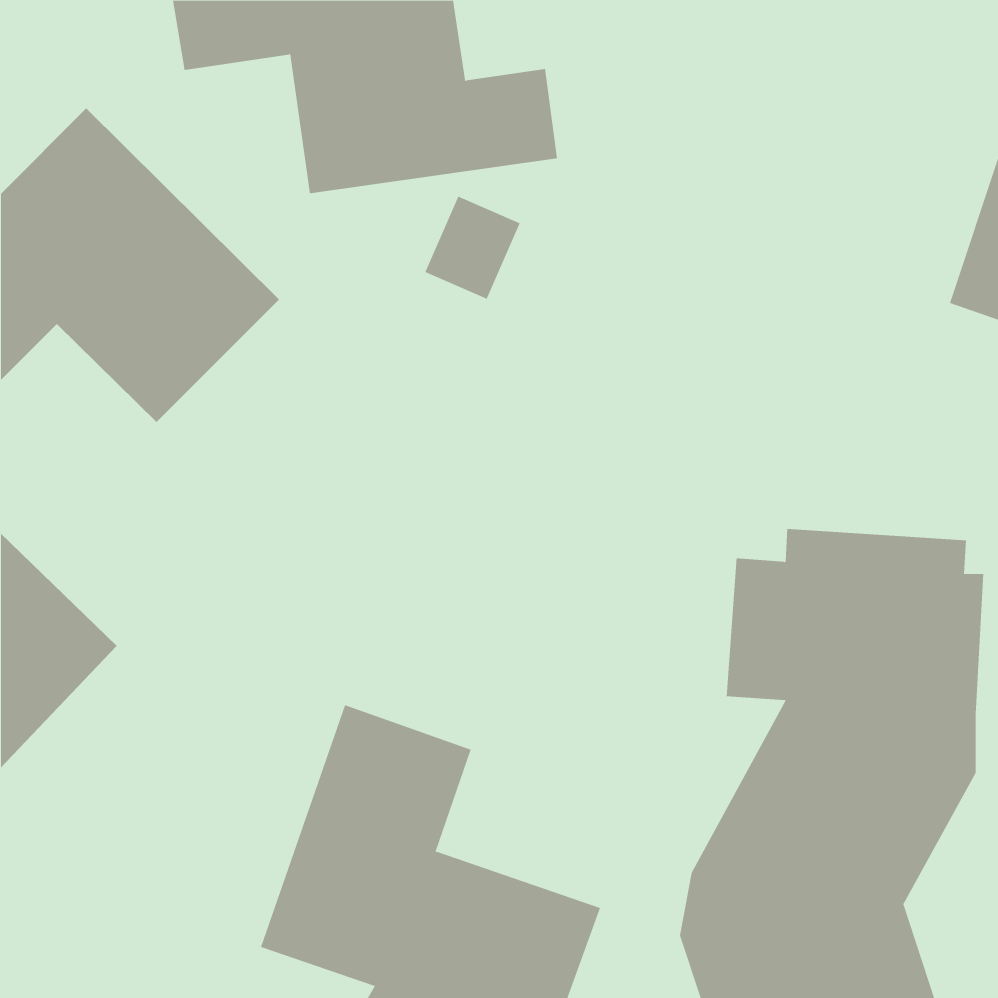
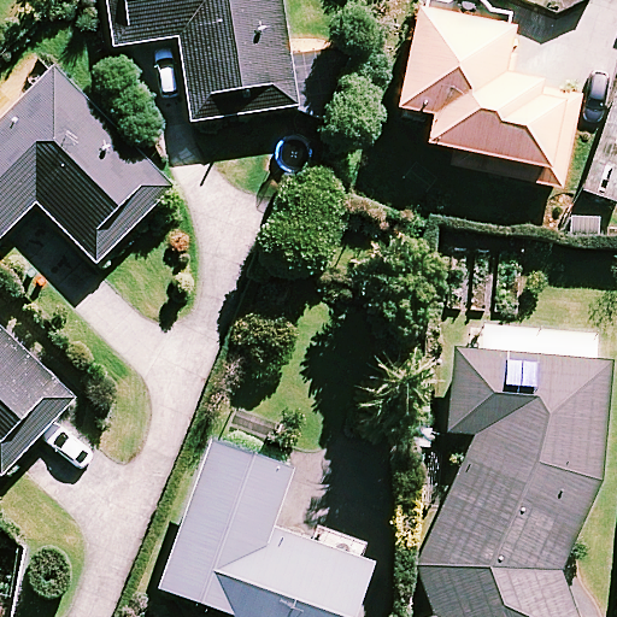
building: none -> [399,6,568,164]

